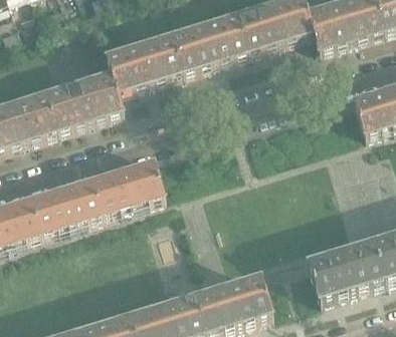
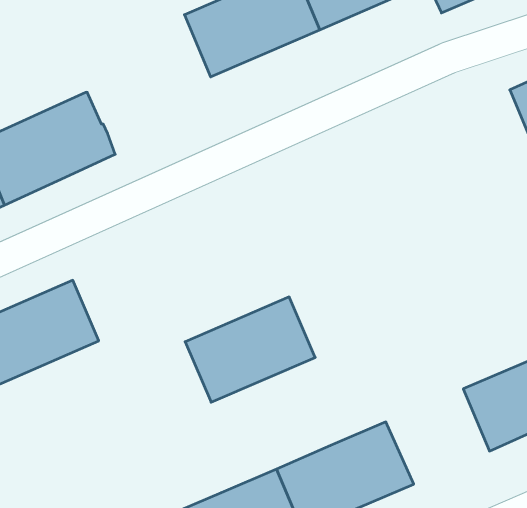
building: [107,32,184,89] -> none
building: [92,157,166,213] -> [185,297,315,402]

